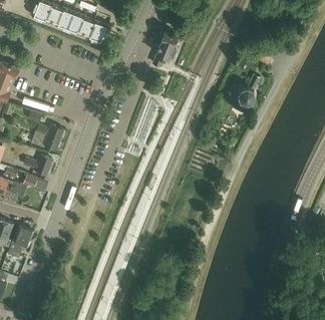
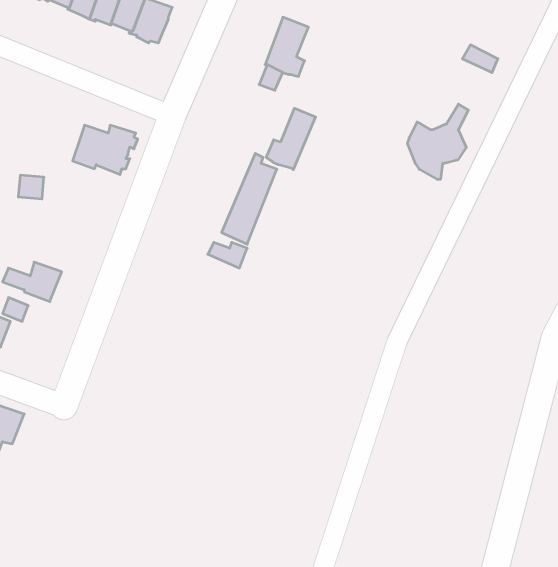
building: none -> [266,108,316,170]
building: [31,124,64,149] -> [73,125,138,175]

